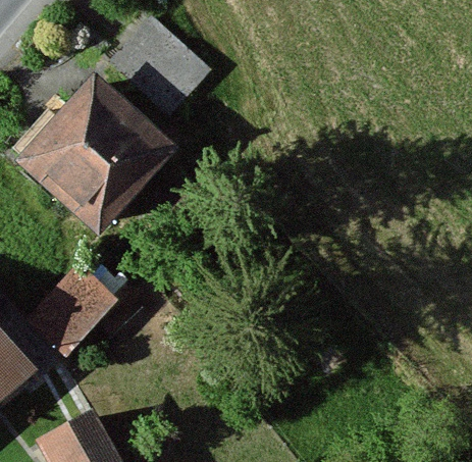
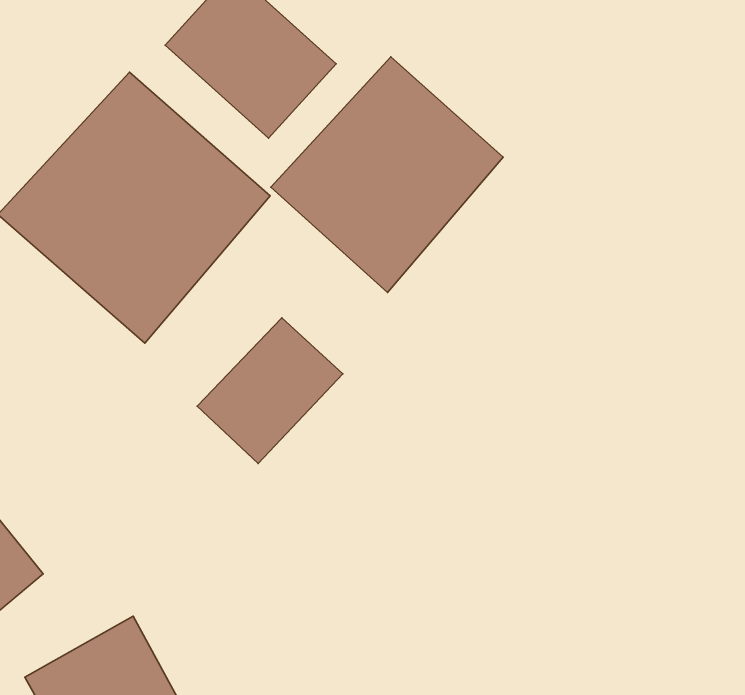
building: none -> [271,57,503,293]
building: [28,264,115,352] -> [197,318,343,464]

